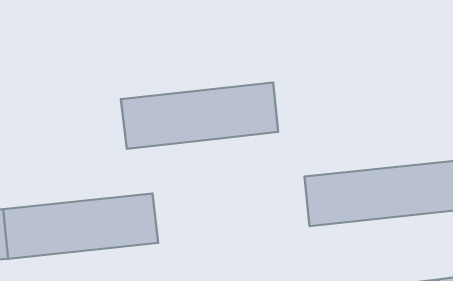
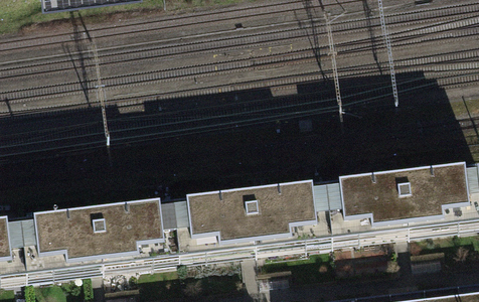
building: [121,82,278,149] -> [158,190,318,258]

